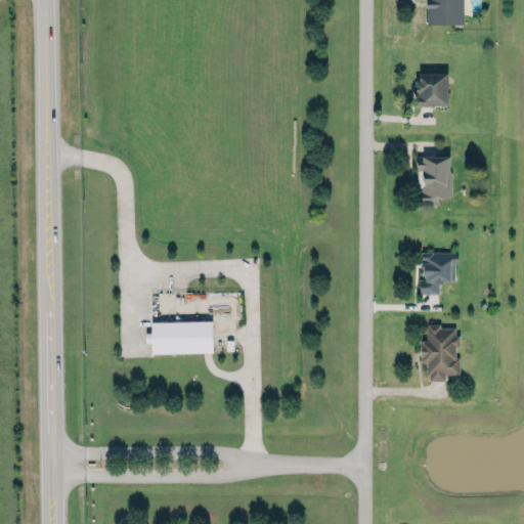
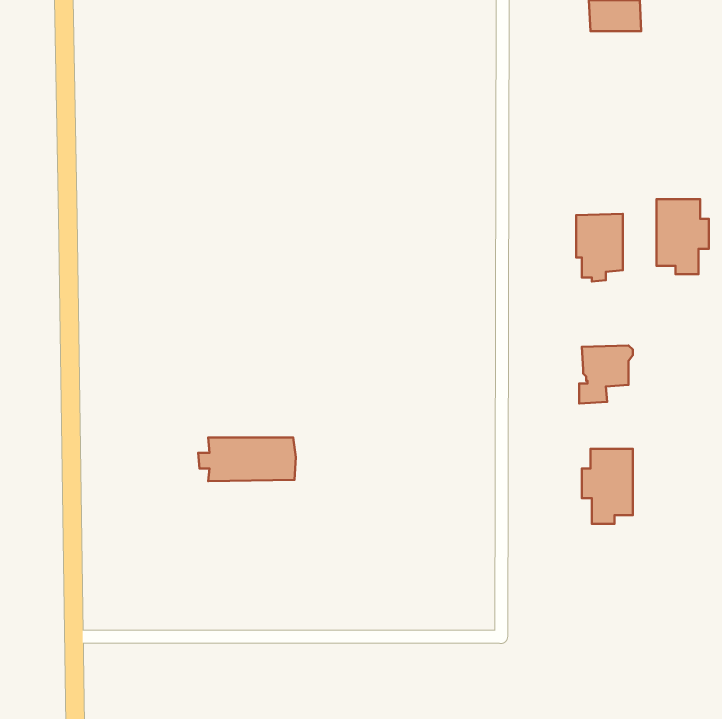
building: [418,74,449,108] -> none
building: none -> [657,199,709,274]

